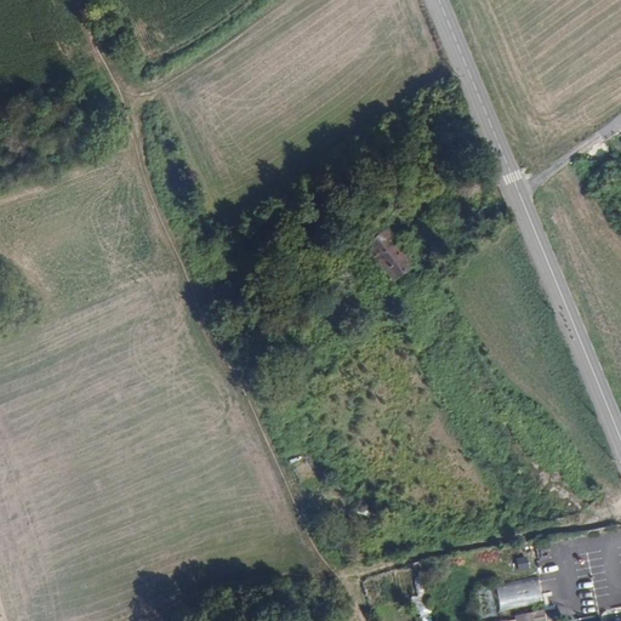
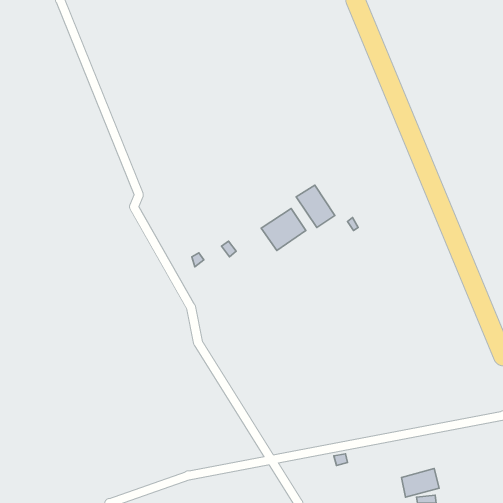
building: none -> [261,209,306,251]

